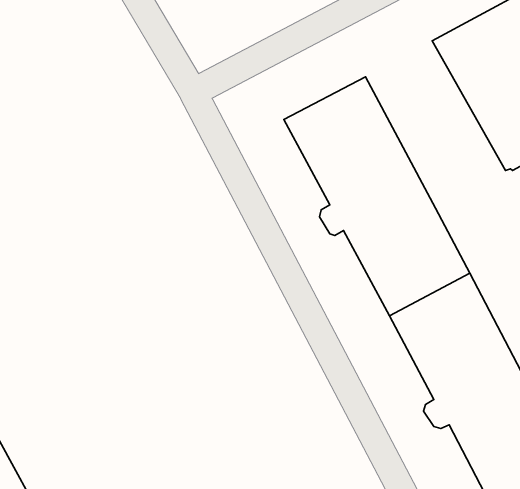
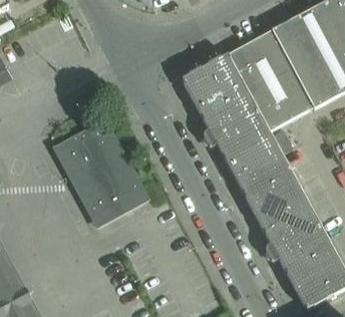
building: none -> [230,31,312,129]
building: none -> [56,119,145,224]

